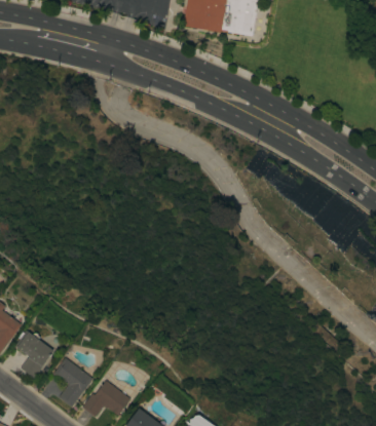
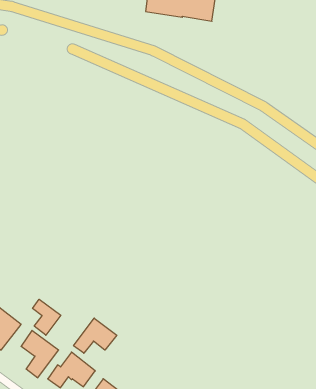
building: none -> [33,299,61,335]
building: none -> [74,318,117,353]

